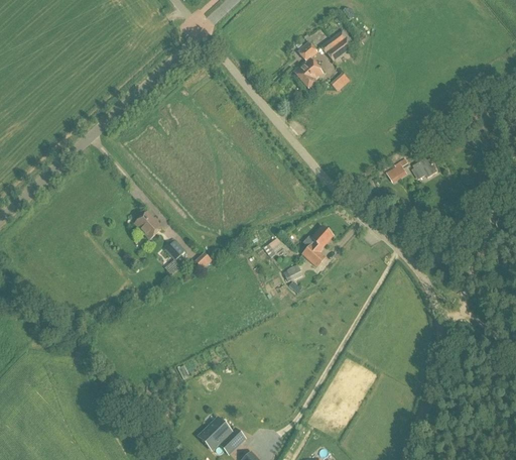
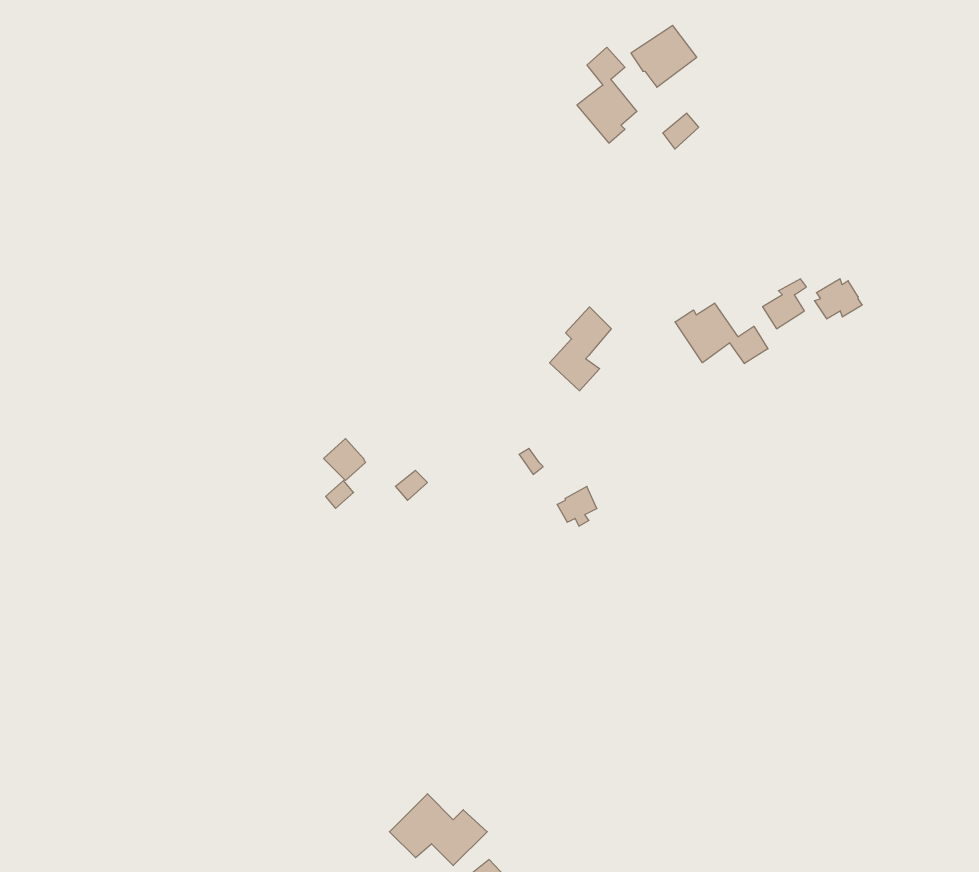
building: none -> [675,303,768,364]
building: [134,210,161,238] -> none
building: [301,224,333,266] -> [550,307,611,391]

